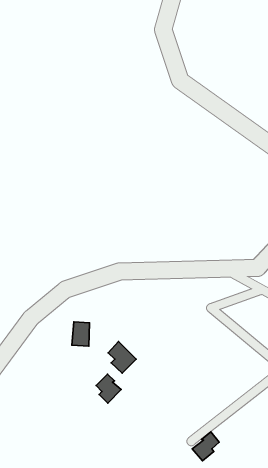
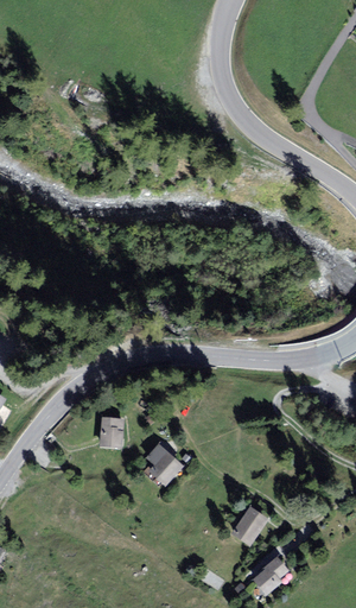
building: [96,374,121,403] -> none
building: none -> [233,508,267,546]

